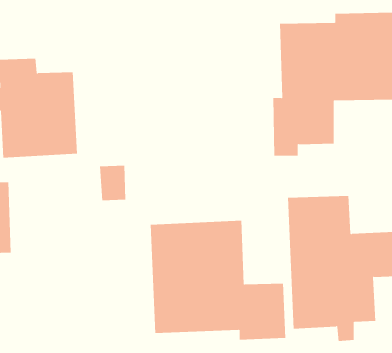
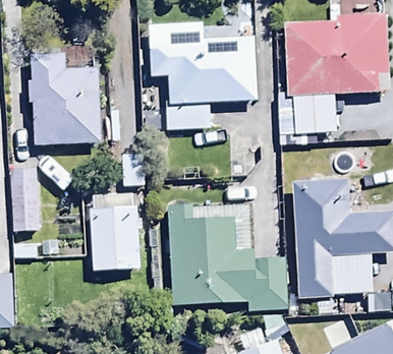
building: none -> [148,22,255,130]
building: none -> [90,187,139,269]

